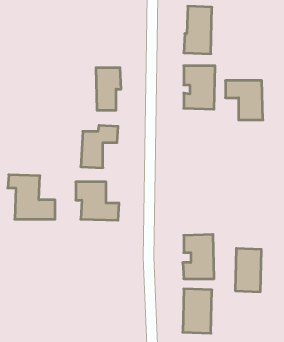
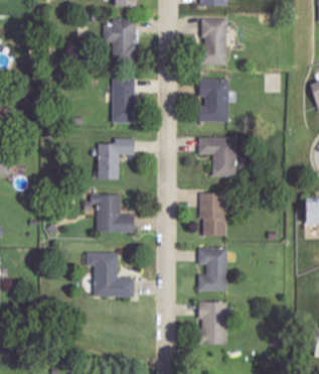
building: none -> [104,18,136,58]
building: [225,81,263,120] -> [198,137,235,176]
building: [8,175,55,219] -> [86,252,133,296]
building: [235,248,261,292] -> [200,193,226,236]

